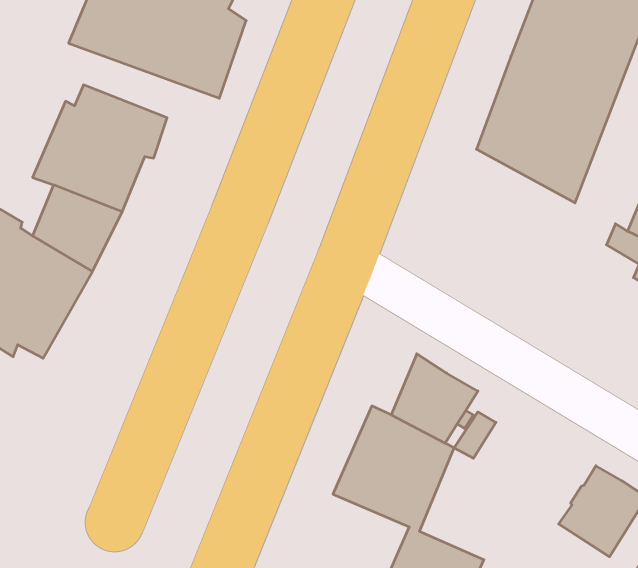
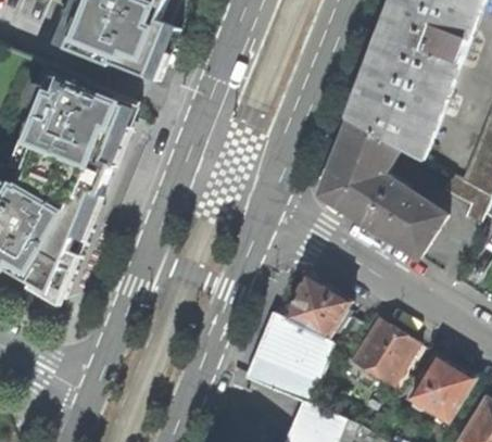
building: none -> [12,101,142,306]
building: none -> [320,125,444,258]
building: none -> [352,318,417,384]

